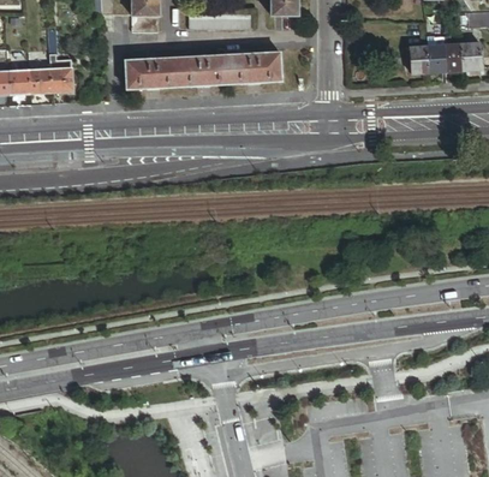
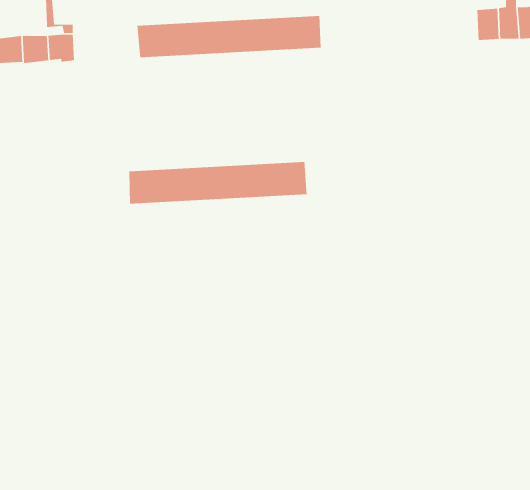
building: none -> [128,161,307,204]

